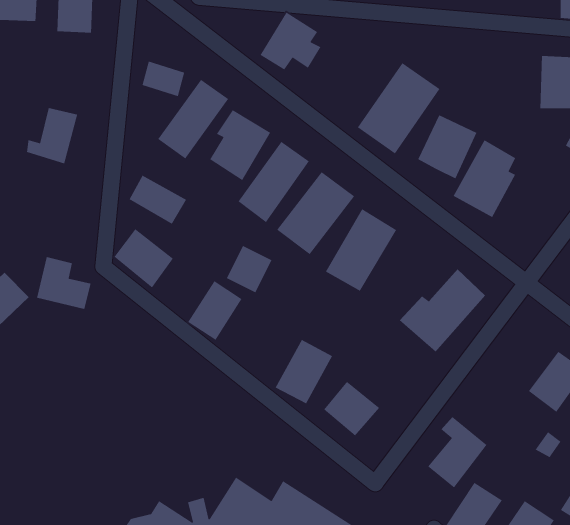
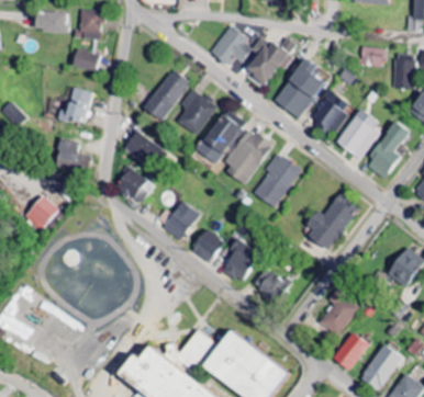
building: none -> [245,35,295,84]
building: none -> [361,47,387,67]
building: [141,60,185,97] -> [71,48,100,72]
building: none -> [366,121,409,178]
building: [226,245,273,294] -> [192,229,223,261]
building: [36,256,91,310] -> [55,138,91,173]

